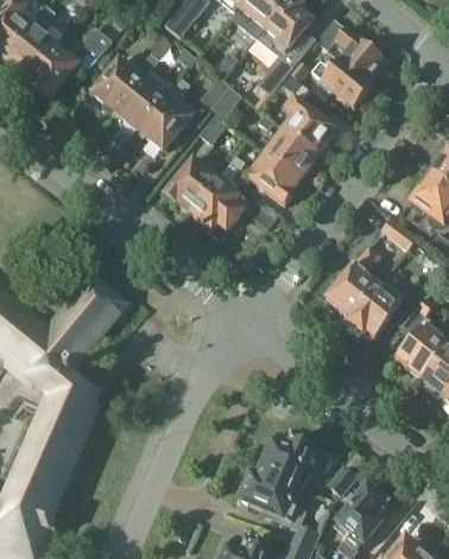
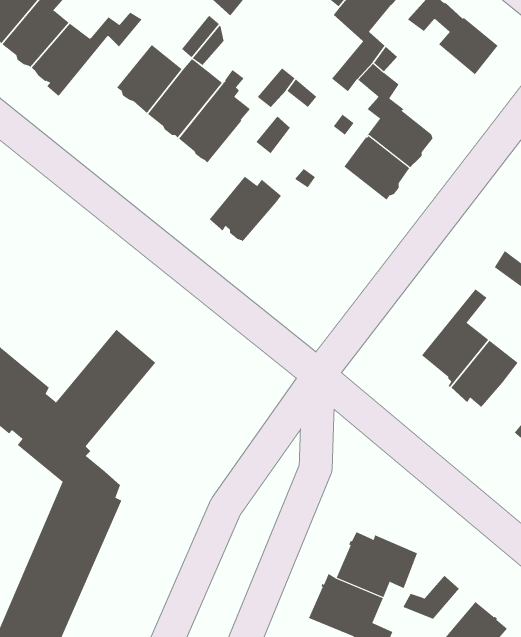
building: [312,58,373,107] -> none
building: [248,152,301,204] -> none
building: [190,174,276,239] -> none

